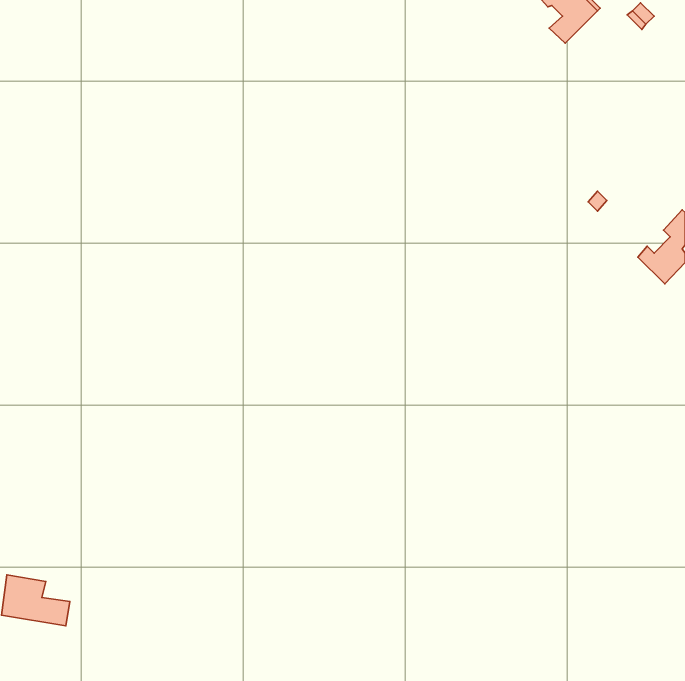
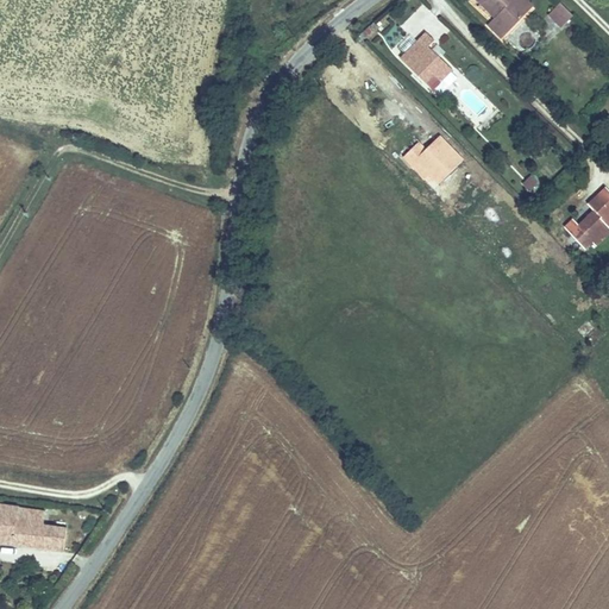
building: none -> [401,26,450,77]
building: none -> [404,139,463,182]

